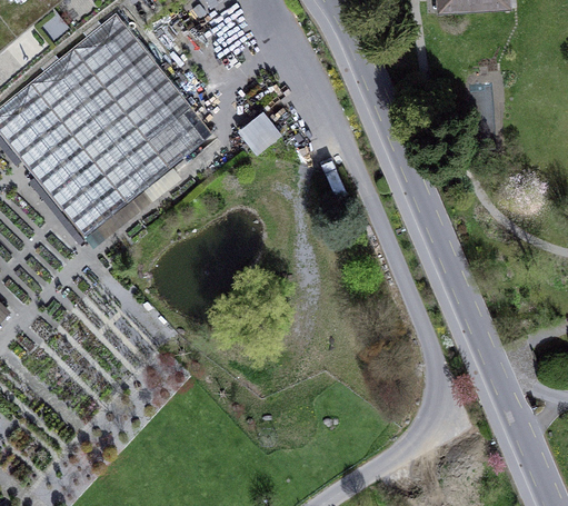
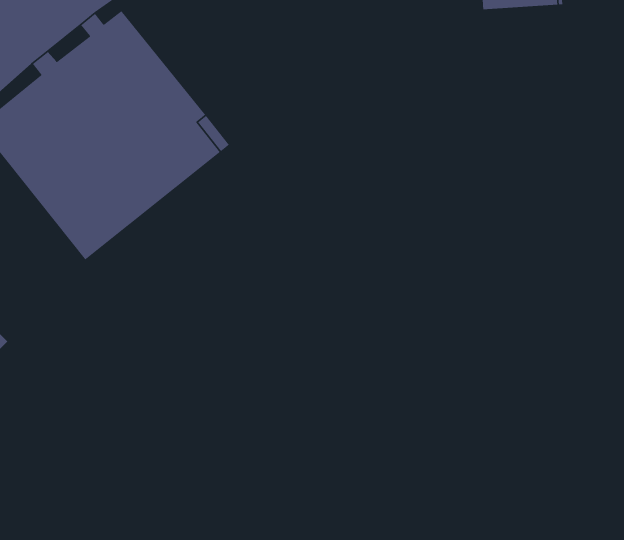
building: [240,108,286,153] -> none

